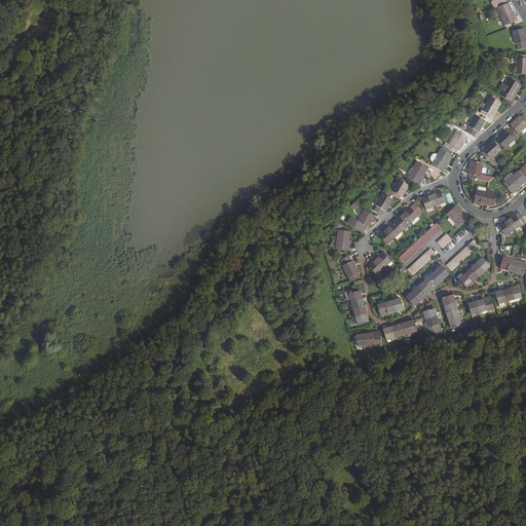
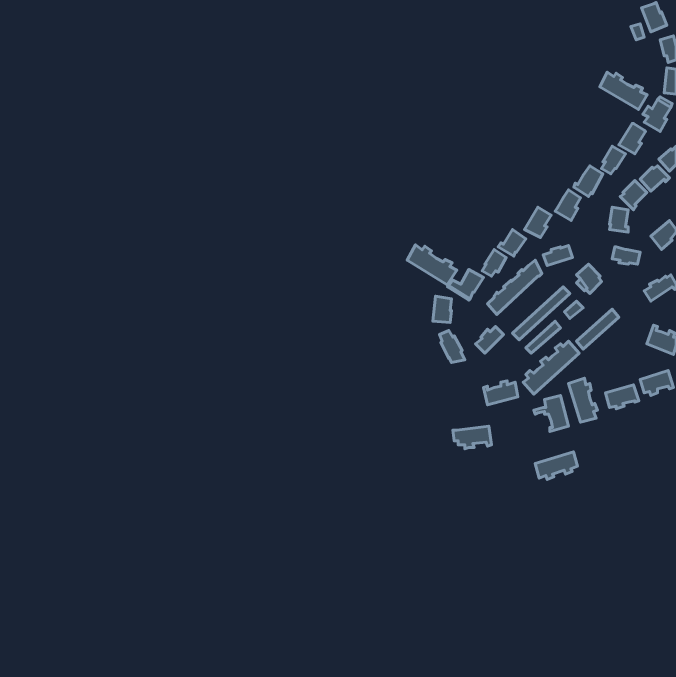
building: none -> [600,72,647,109]
building: none -> [407,245,457,285]
building: [458,257,490,287] -> none
building: [344,289,367,323] -> none
building: [382,318,415,340] -> [535,452,578,480]

